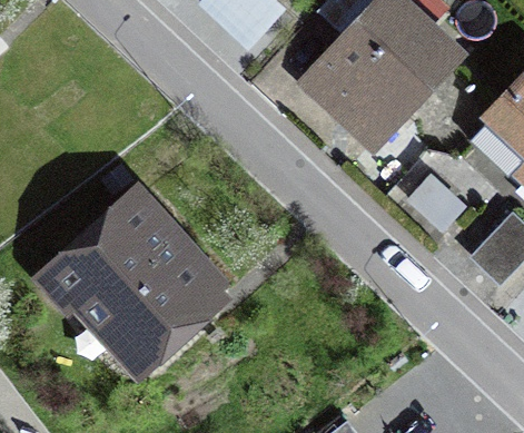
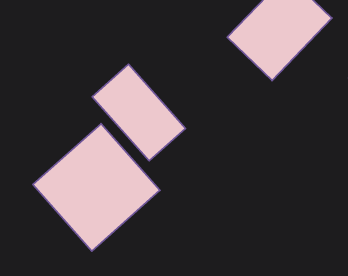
building: none -> [92,64,185,161]

